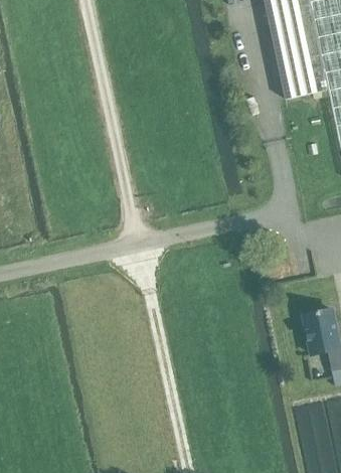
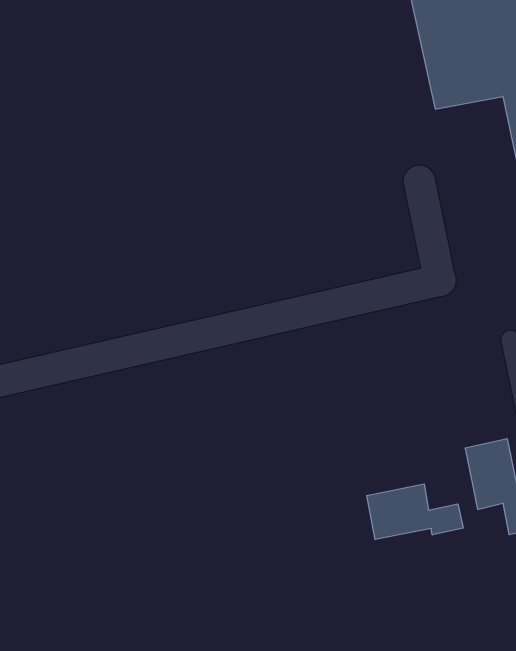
building: none -> [367,484,463,540]

